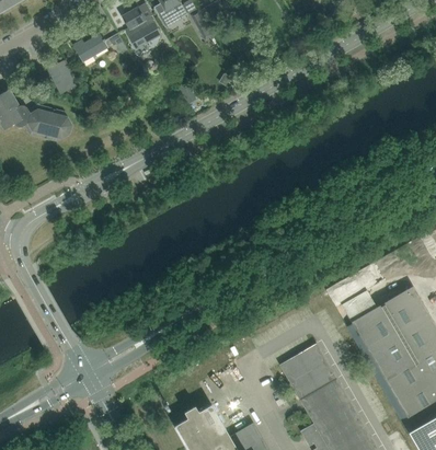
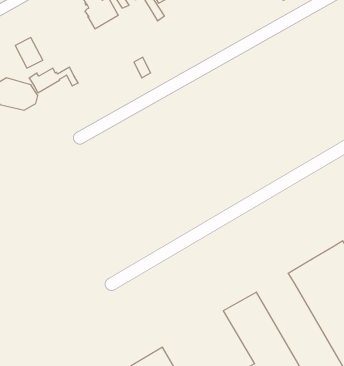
building: [73,33,128,61] -> [29,67,78,93]

